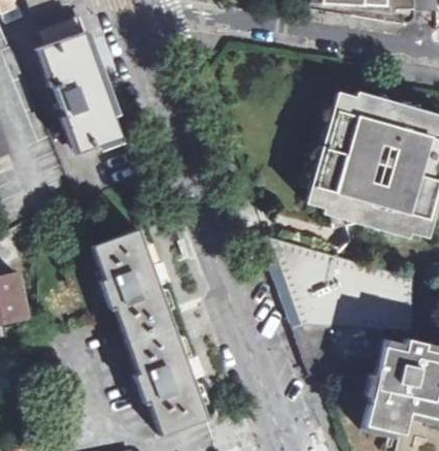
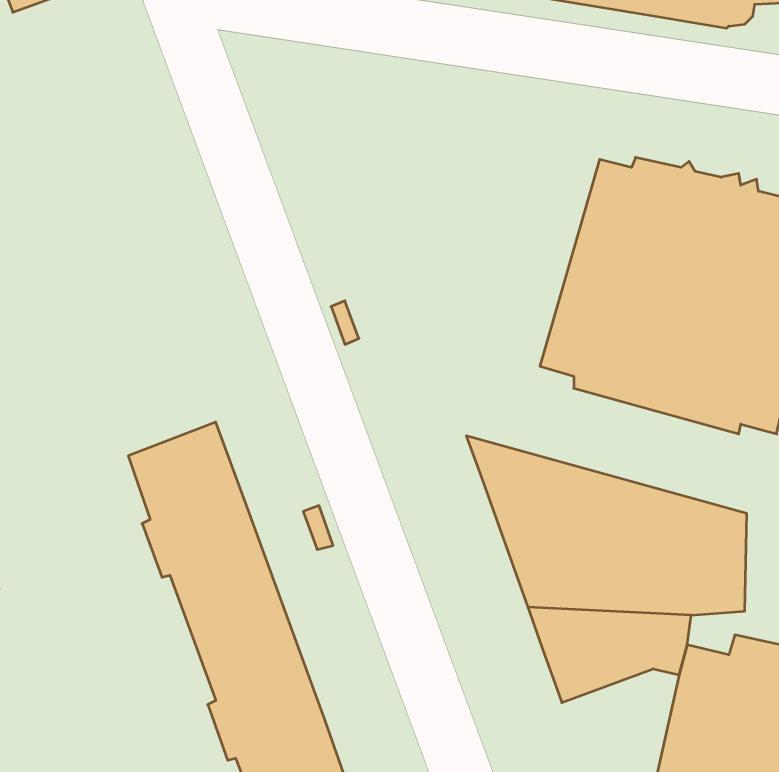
building: [38,15,121,152] -> none

